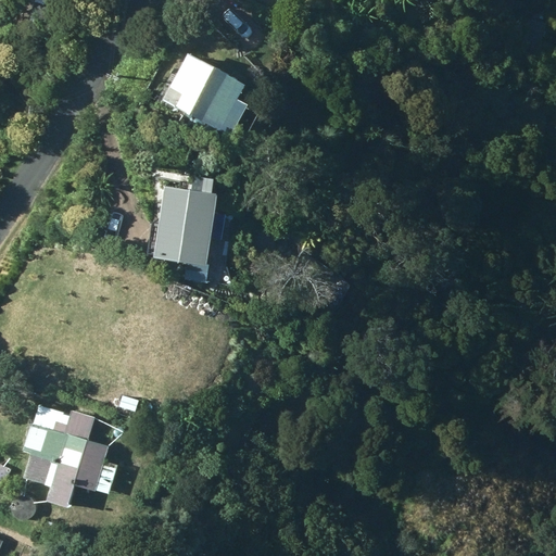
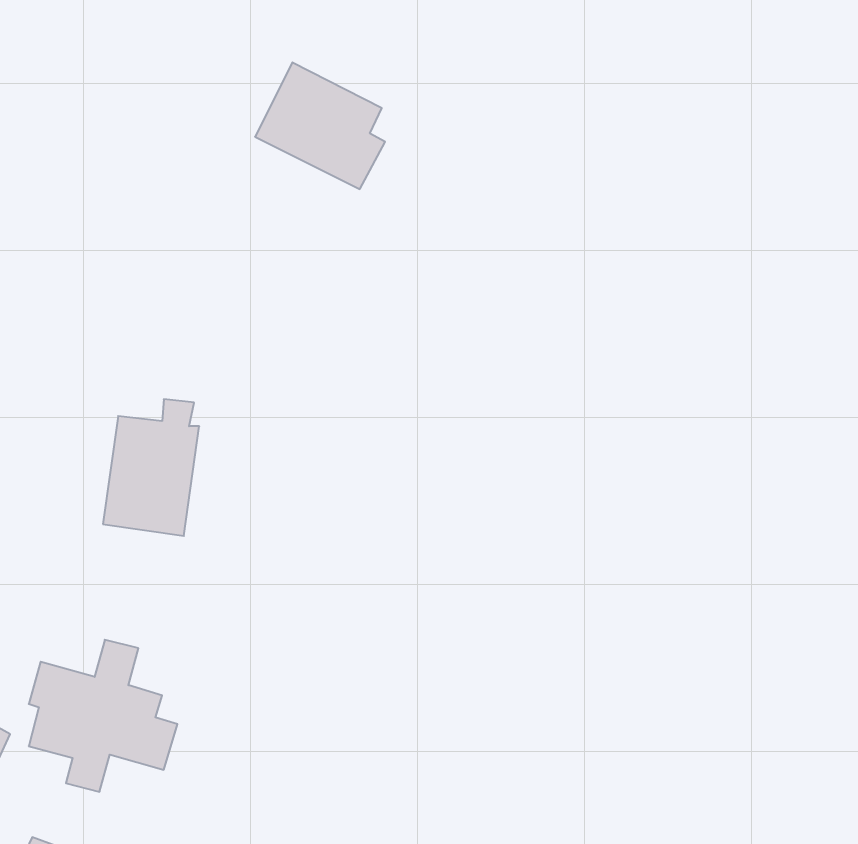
building: [154,176,216,264] -> [103,399,199,536]

